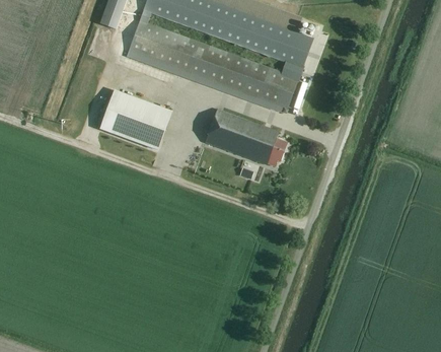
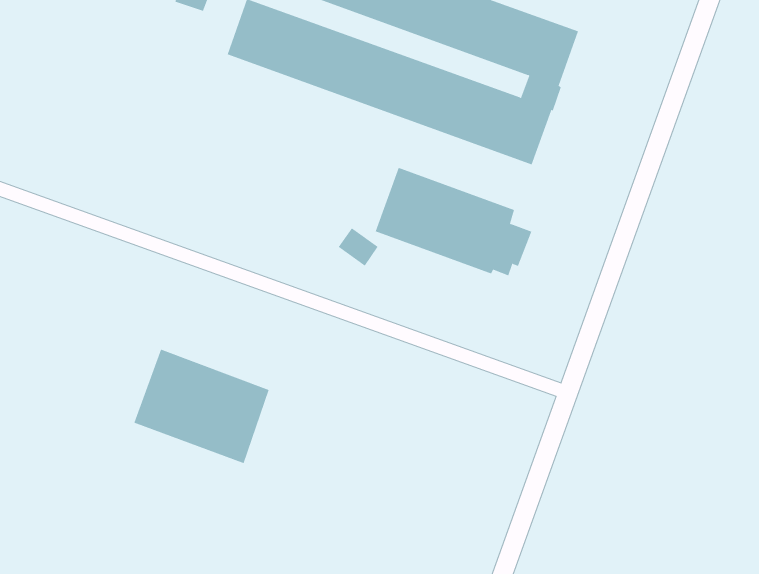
building: [100,89,171,149] -> [133,349,270,464]

